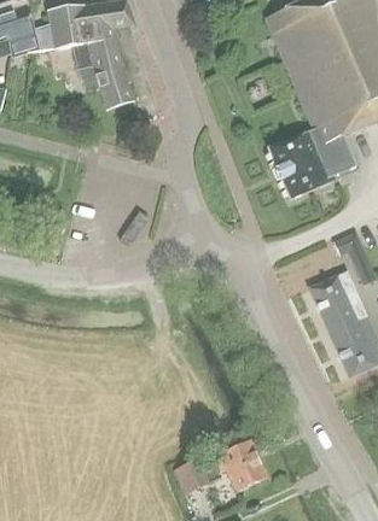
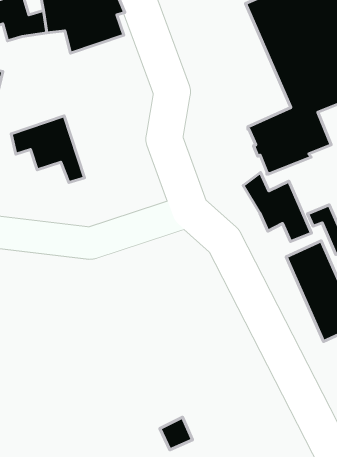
building: [78,49,157,121] -> [11,116,85,182]
building: none -> [243,173,312,242]
building: [214,438,267,491] -> none

